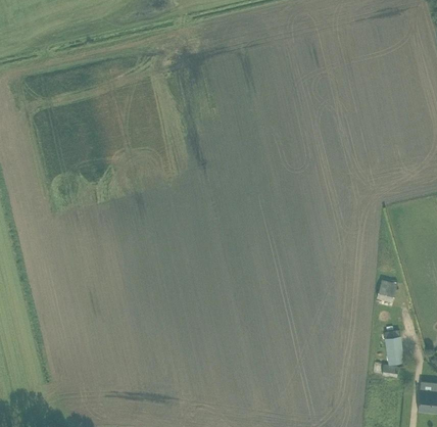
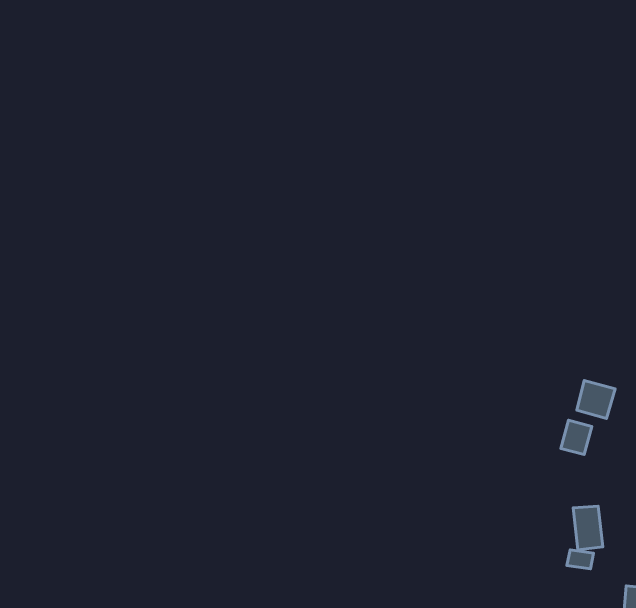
building: none -> [577,380,615,419]

